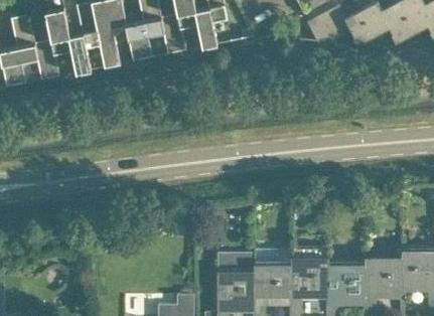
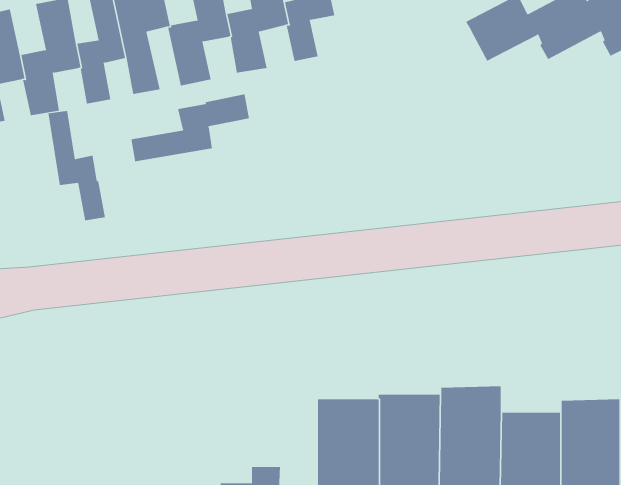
building: none -> [131,94,249,162]
building: none -> [48,110,106,221]

